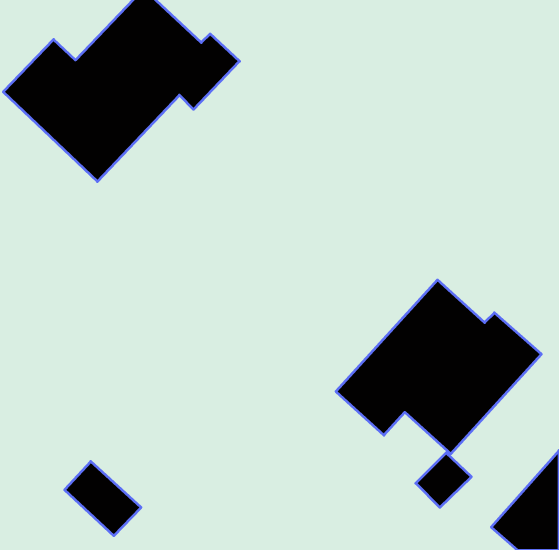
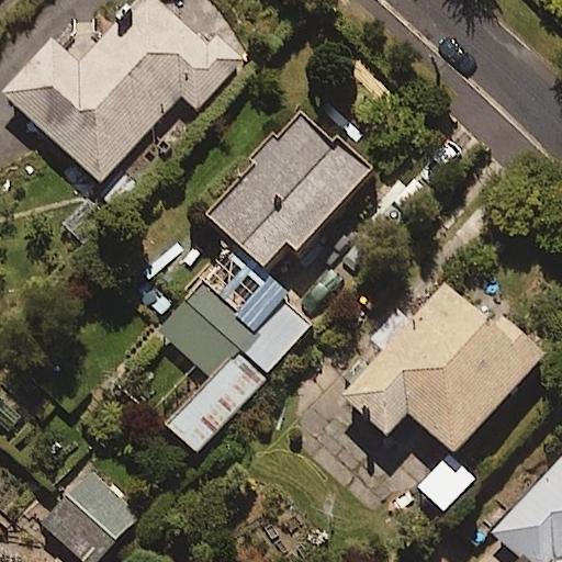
building: none -> [205,112,370,294]
building: none -> [158,276,311,453]

